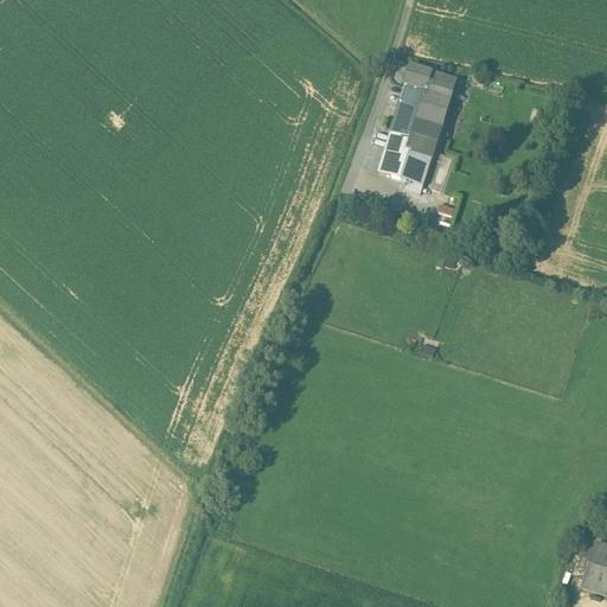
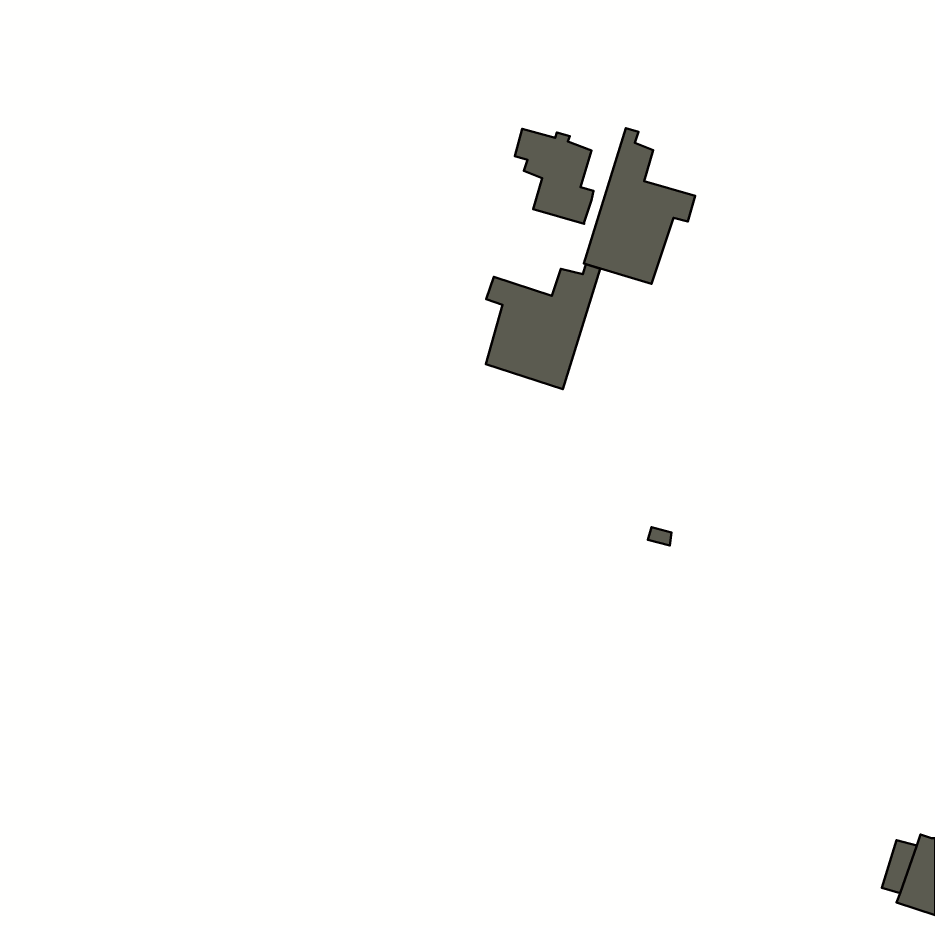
building: [405,65,456,127] -> [515,129,593,224]
building: none -> [486,264,600,389]

